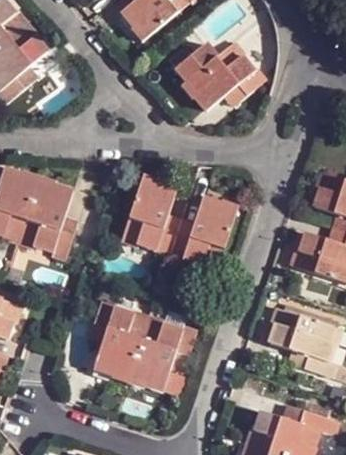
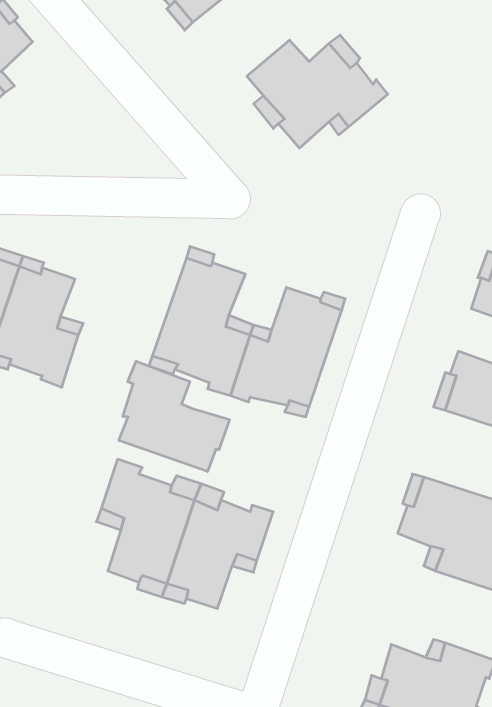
building: none -> [119,361,230,472]

